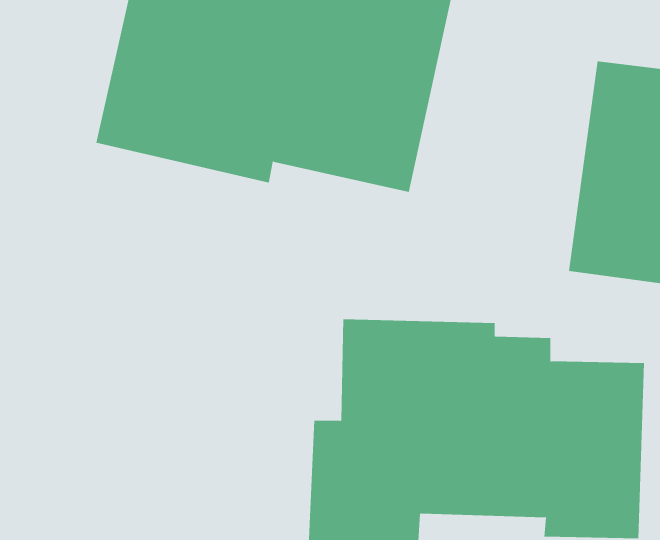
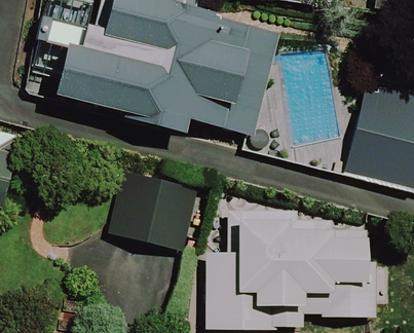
building: none -> [106,175,195,251]

